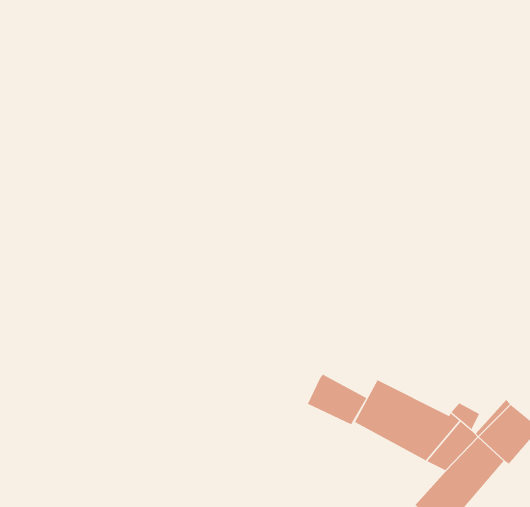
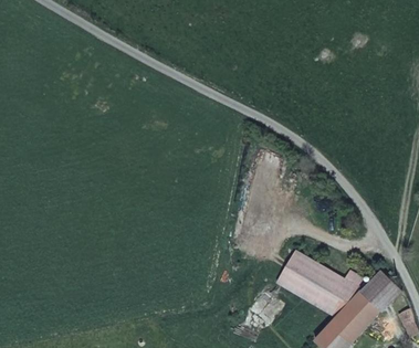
building: [307,374,367,425] -> none

